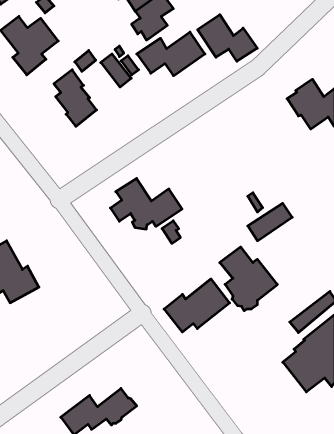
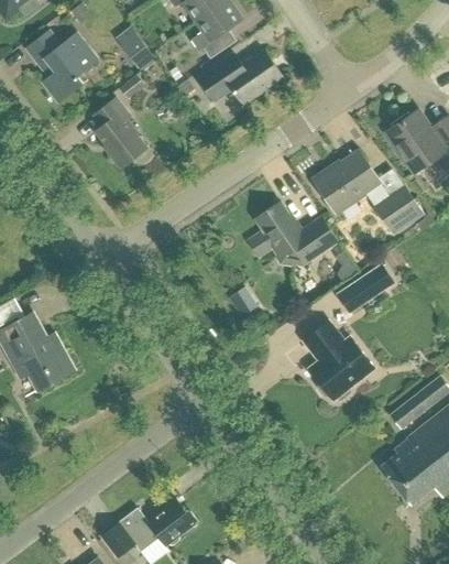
building: [198,15,257,61] -> none
building: [101,54,131,87] -> [113,25,152,67]
building: none -> [311,150,423,230]
building: [110,178,182,229] -> [248,203,338,267]
building: [164,279,230,332] -> none

